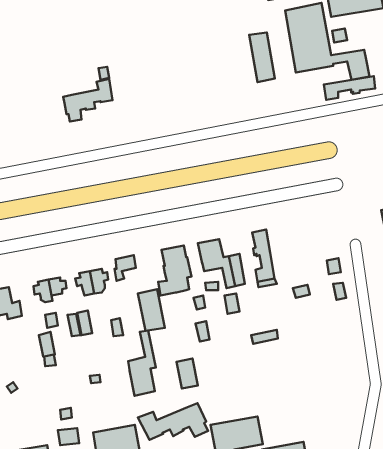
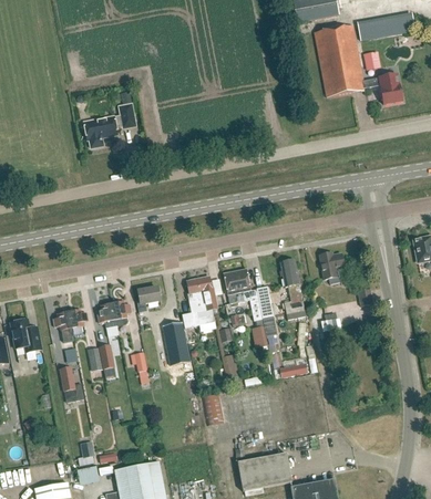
building: [249,32,275,82] -> none
building: [324,76,375,100] -> none
building: none -> [320,252,345,283]
building: [128,330,156,396] -> none
building: [138,403,208,440] -> none

